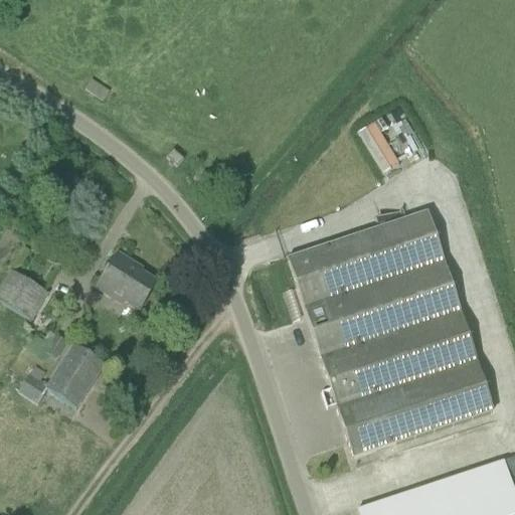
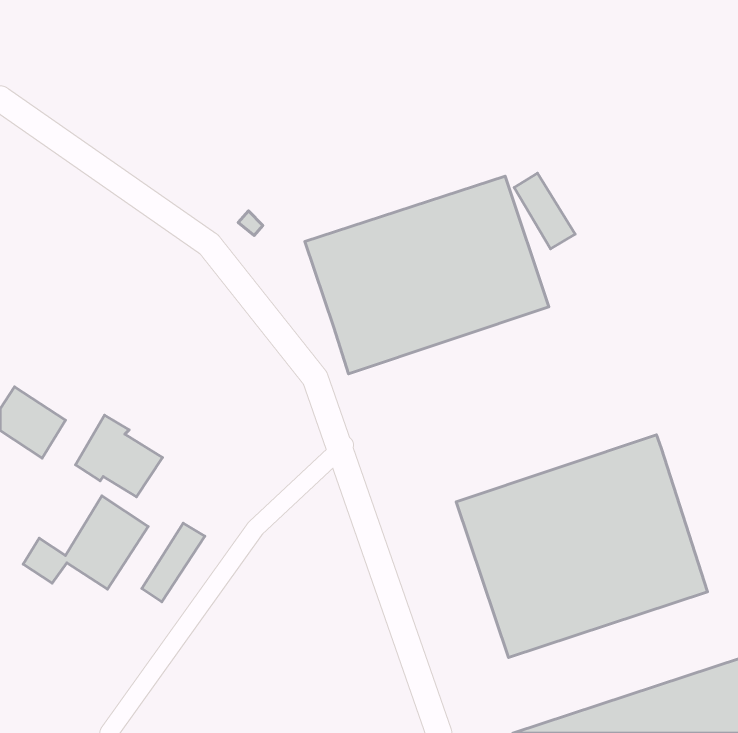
building: [289,210,458,347] -> [305,176,549,374]
building: [99,250,159,307] -> [75,415,163,497]
building: none -> [142,523,205,602]

